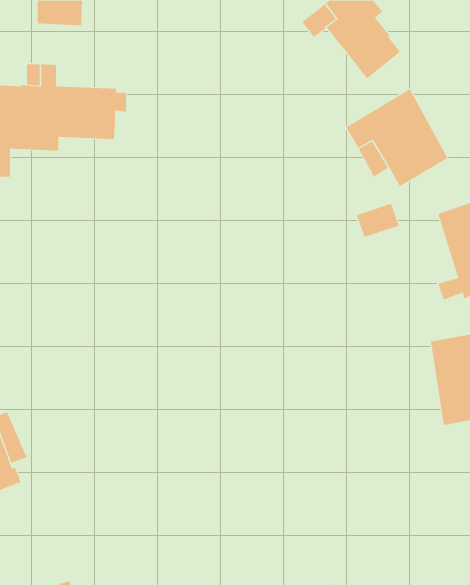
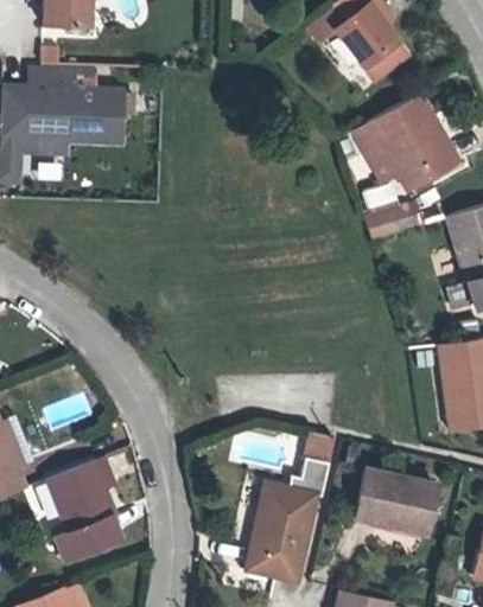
building: none -> [301,430,335,483]
building: none -> [47,461,121,558]
building: none -> [355,471,436,532]
building: none -> [247,483,317,581]

